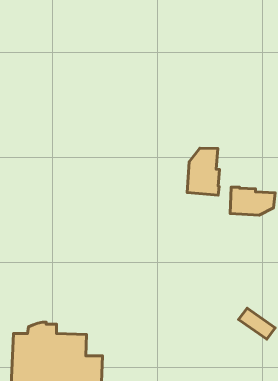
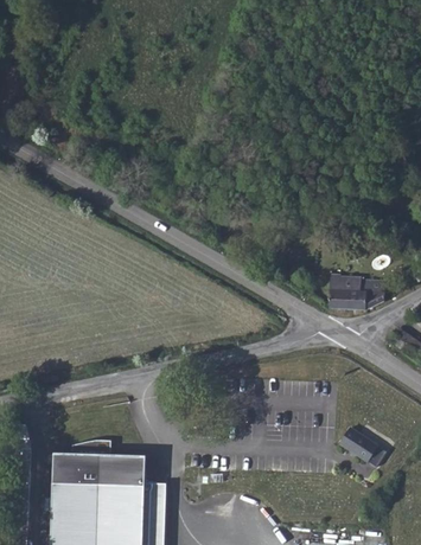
building: [187,148,219,195] -> none

